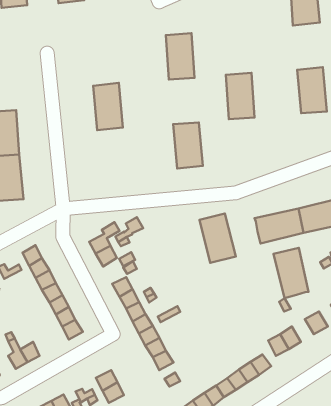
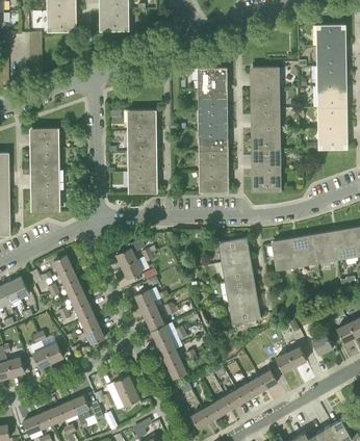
building: none -> [319,66,344,108]
building: none -> [253,67,278,108]
building: none -> [201,109,226,151]
building: none -> [254,150,279,191]
building: none -> [131,151,155,193]
building: [274,248,309,298] -> [228,278,258,323]

